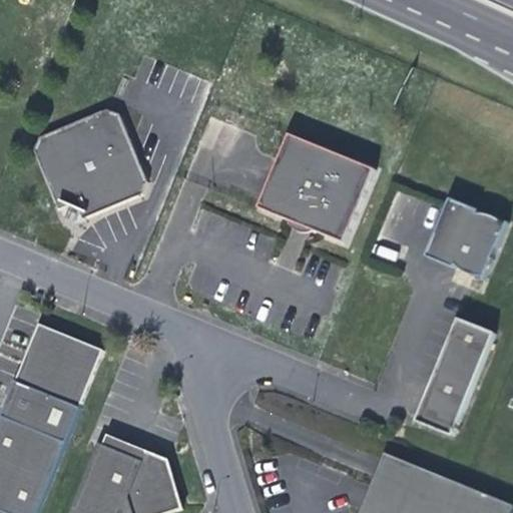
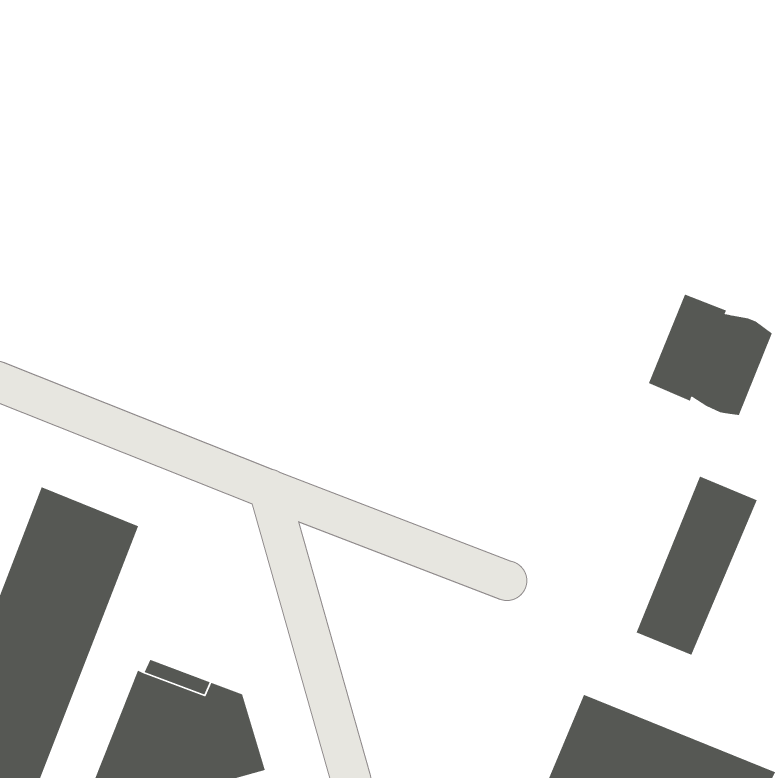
building: [36,106,152,216] -> none
building: [261,129,377,239] -> none

